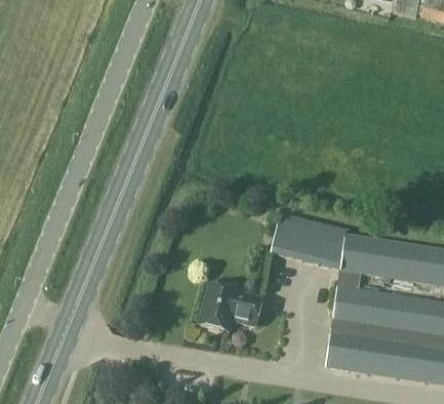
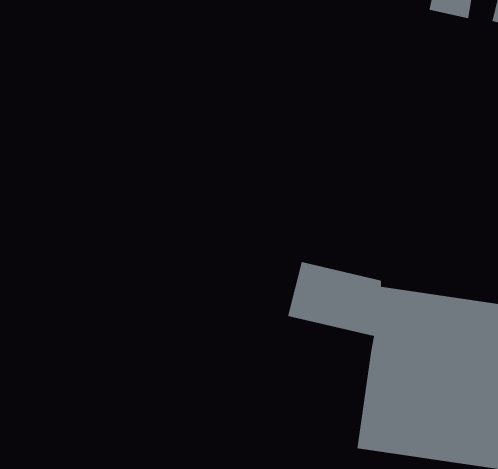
building: [200,284,263,330] -> none

